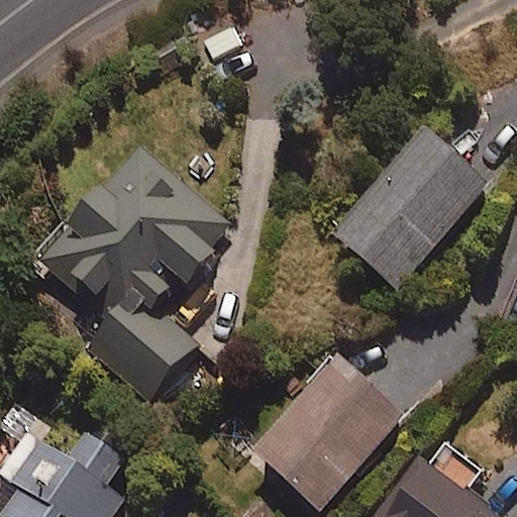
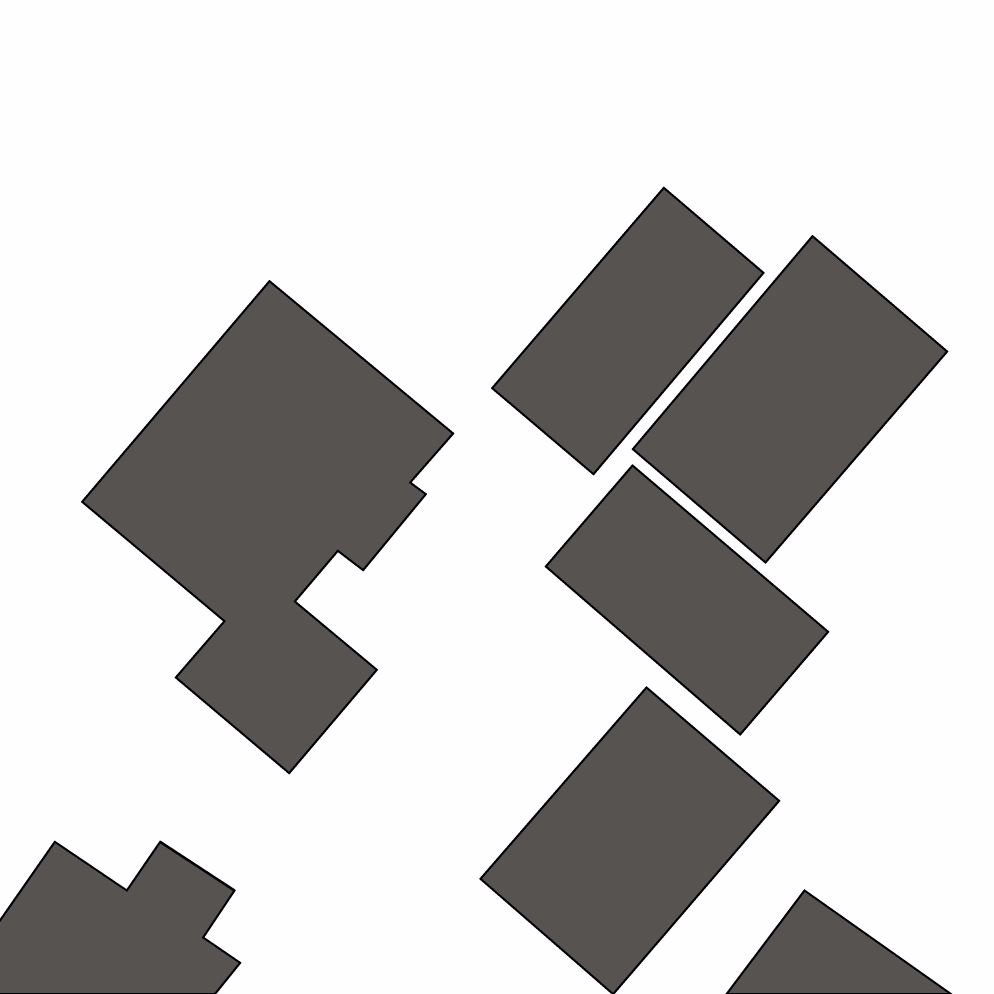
building: none -> [492,188,764,474]
building: none -> [546,465,828,734]

